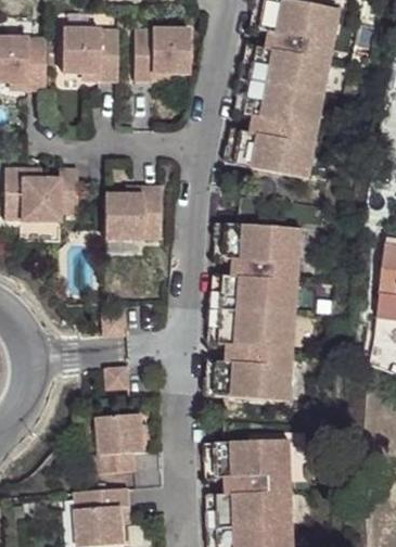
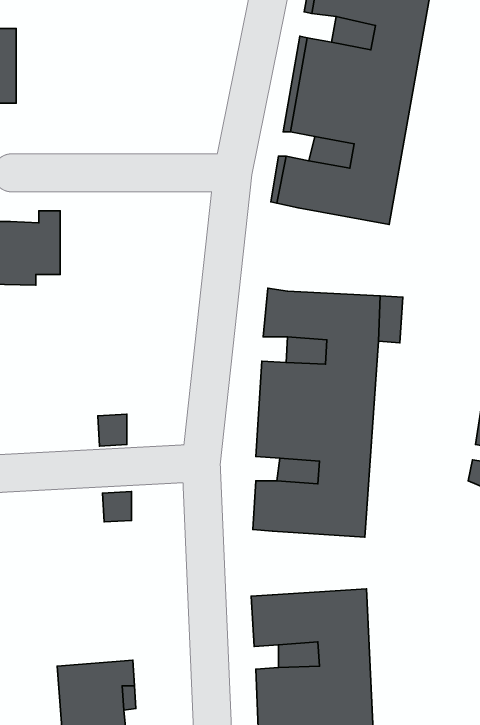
building: [60,27,116,79] -> none
building: [132,27,189,78] -> none
building: [103,187,161,241] -> none
building: [93,412,144,474] -> none

